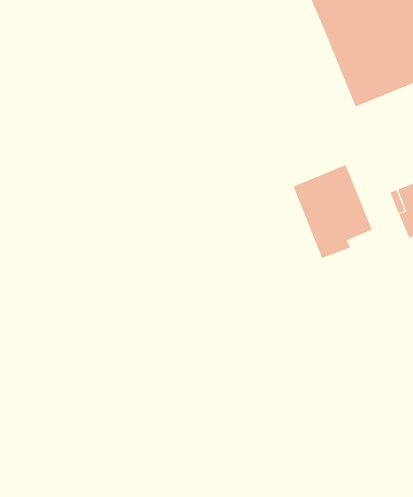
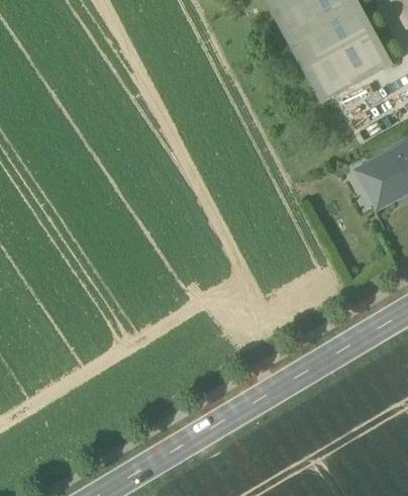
building: [293,164,373,259] -> none

